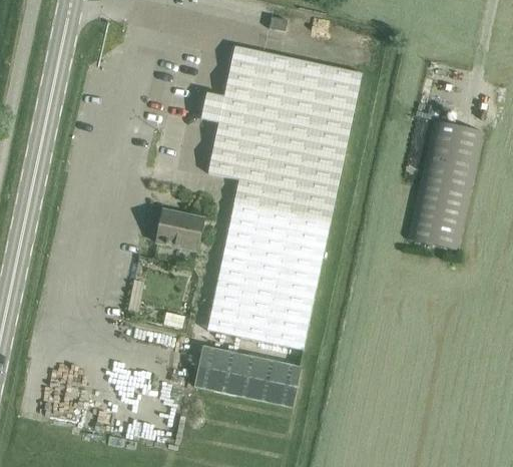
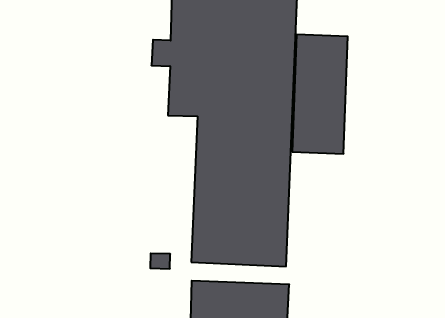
building: [408,119,485,250] -> [292,35,348,154]
building: [157,209,206,251] -> none

